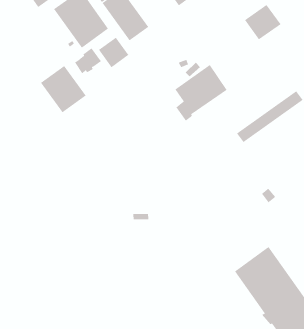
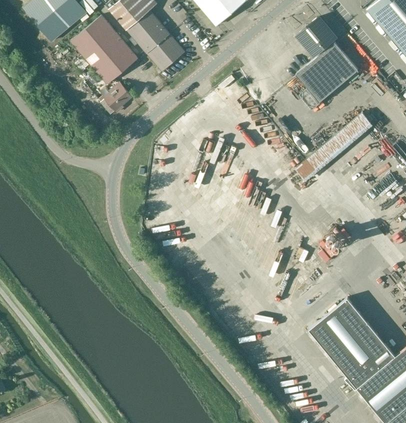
building: [98,37,129,68] -> none
building: [175,64,228,121] -> [296,41,358,110]
building: [40,65,87,113] -> none

